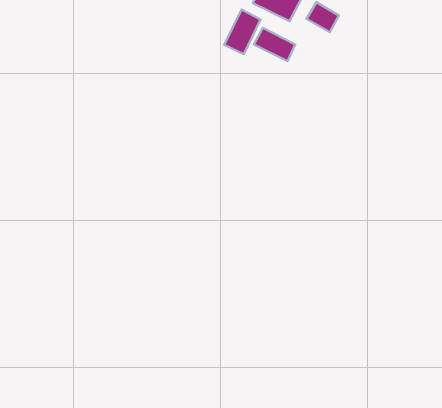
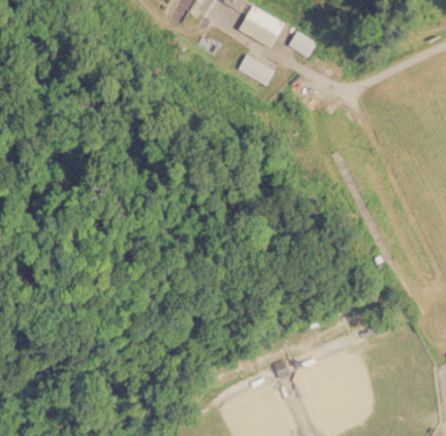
building: [224,10,261,54] -> none

